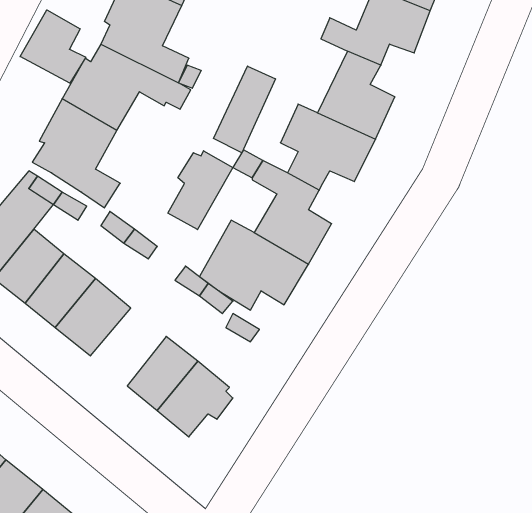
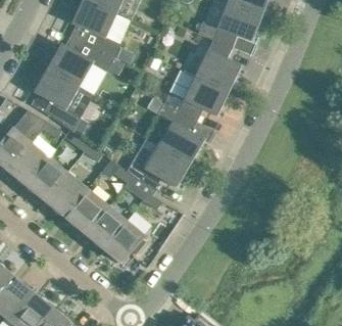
building: [20,10,86,83] -> none
building: [214,66,275,153] -> none
building: [168,151,233,230] -> none
building: none -> [63,188,107,233]

